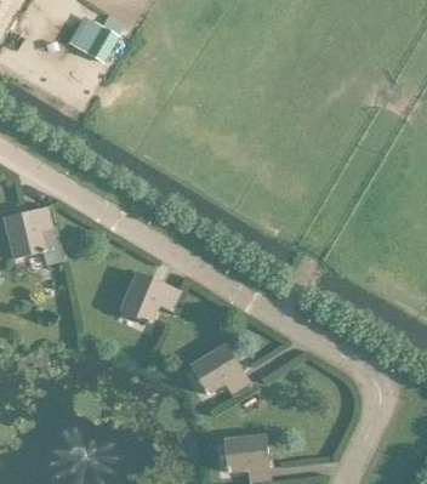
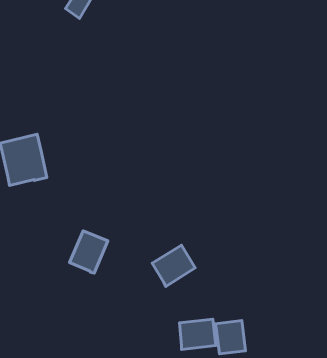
building: [118,271,165,323] -> [70,231,108,273]
building: none -> [215,321,245,354]

